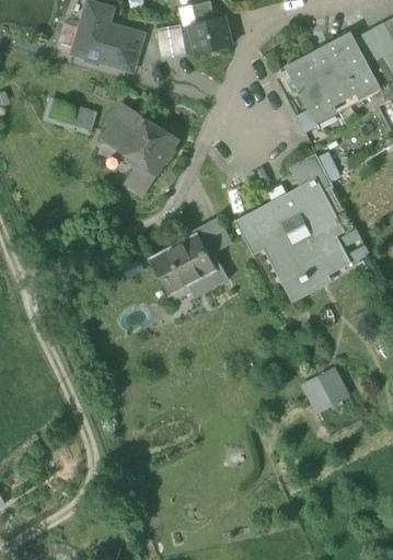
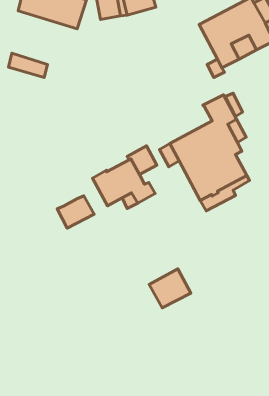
building: [102,104,180,198] -> none
building: none -> [57,196,94,228]
building: [299,365,351,415] -> [149,269,191,308]

